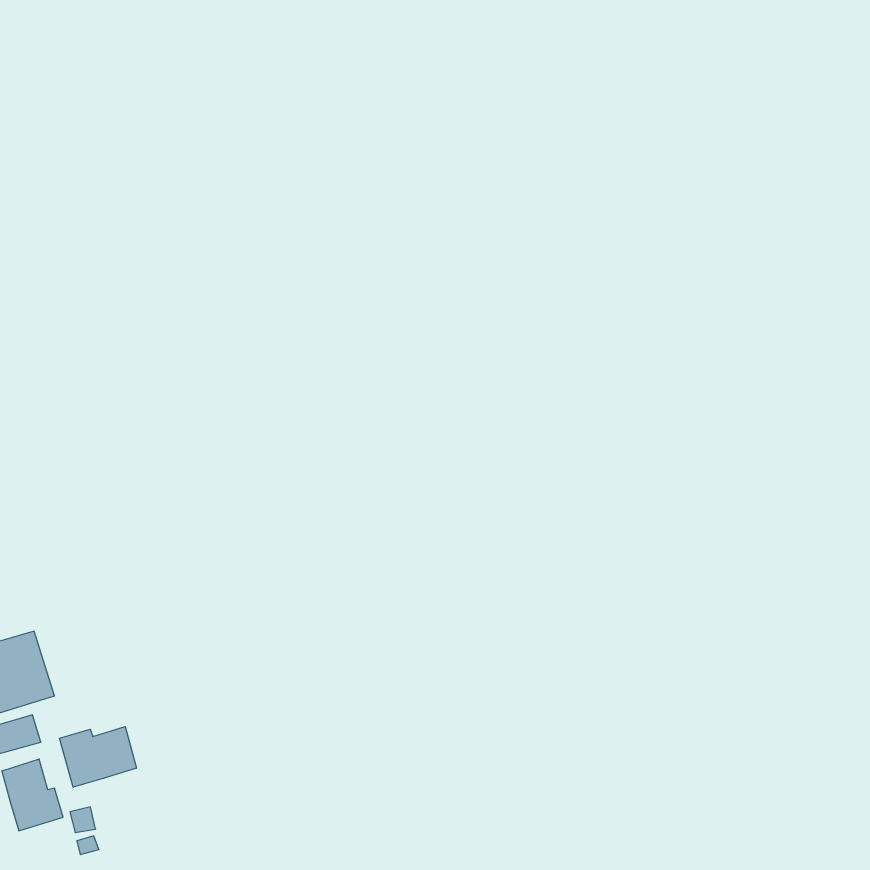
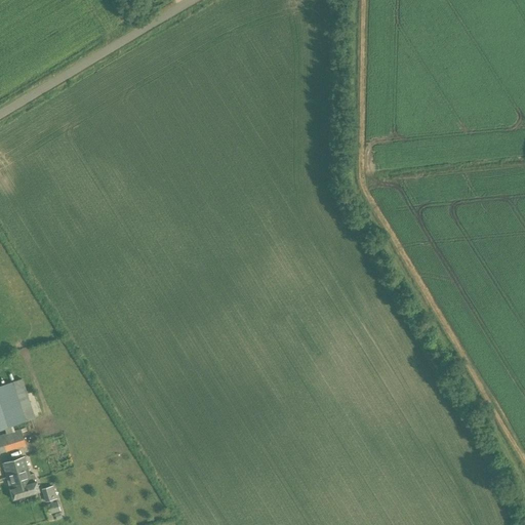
building: [59,727,136,787] -> none

